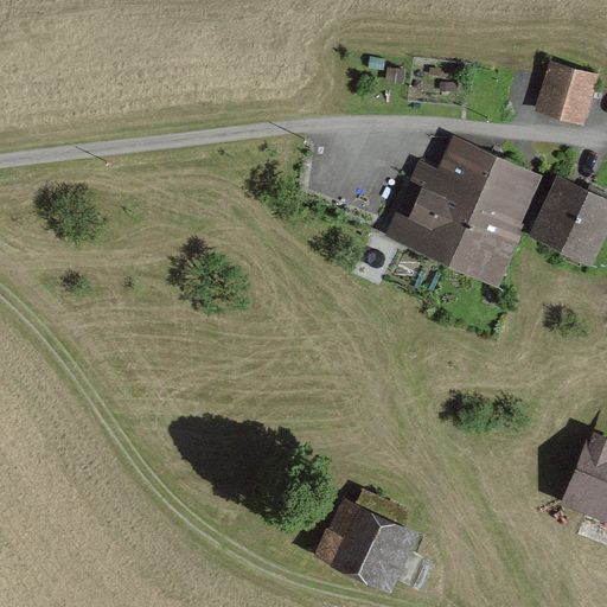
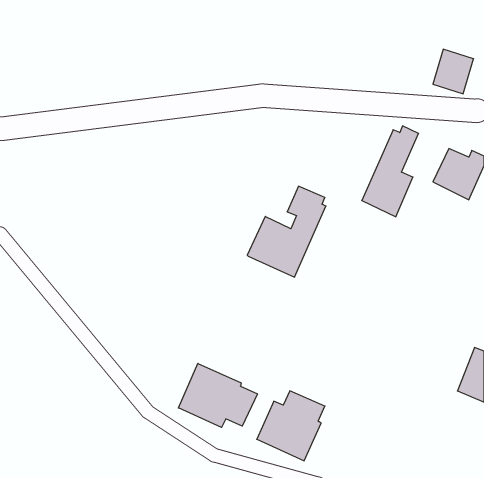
building: [394,145,492,258] -> [247,186,326,277]
building: none -> [178,363,258,427]

